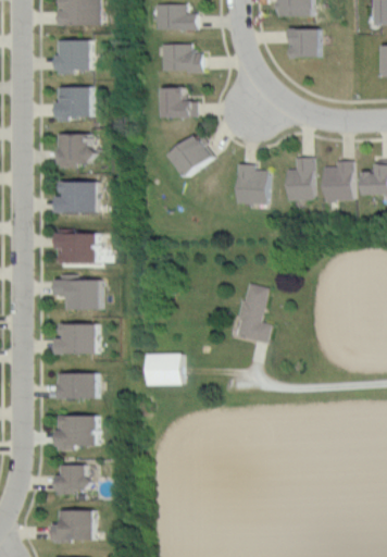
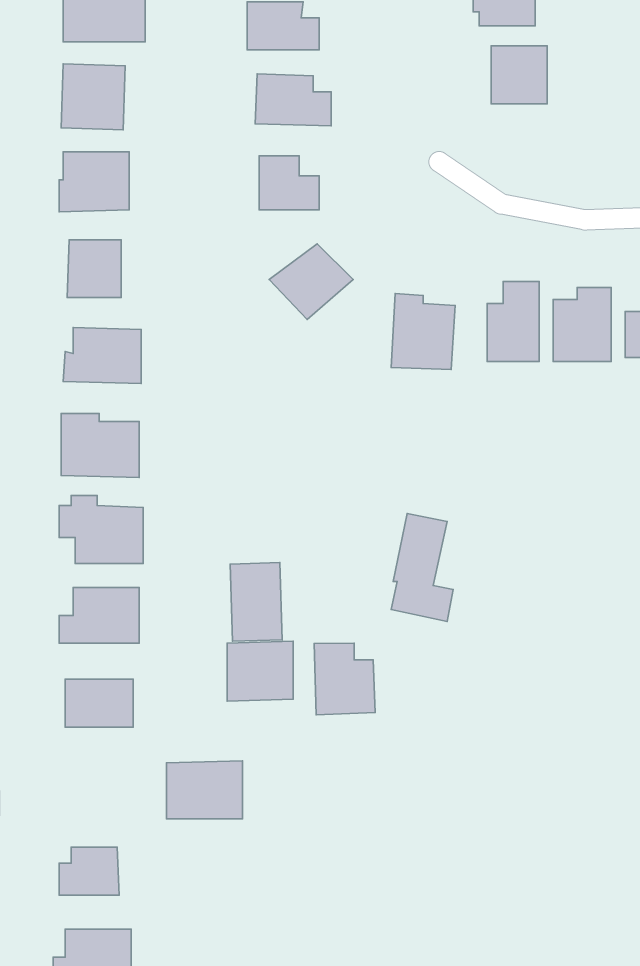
building: none -> [230,563,282,641]
building: none -> [314,643,375,715]
building: [55,414,97,446] -> [167,761,243,819]

